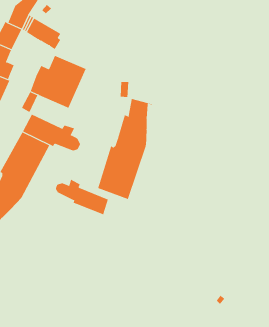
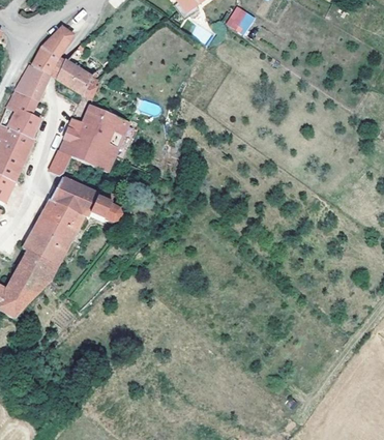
building: [98,98,153,200] -> none
building: [55,179,109,215] -> none

